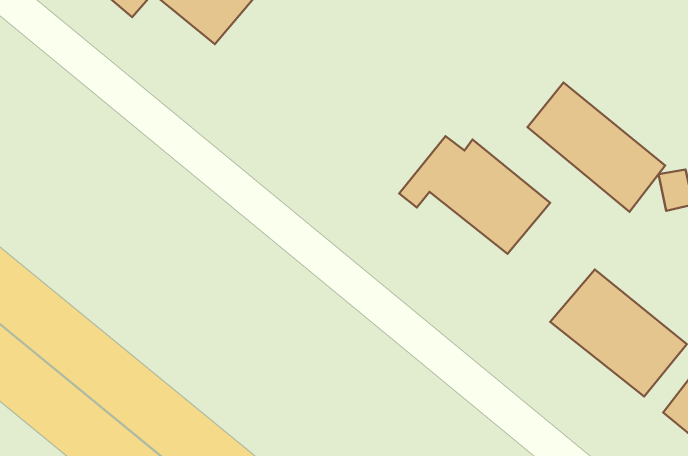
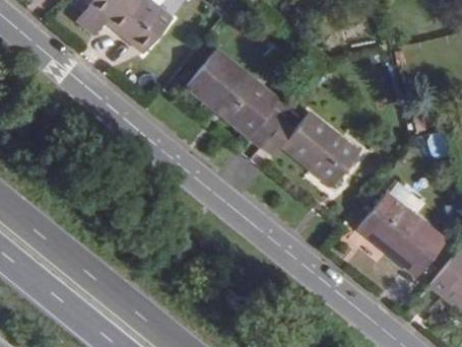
building: none -> [187,50,291,146]
building: [527,83,665,212] -> none

